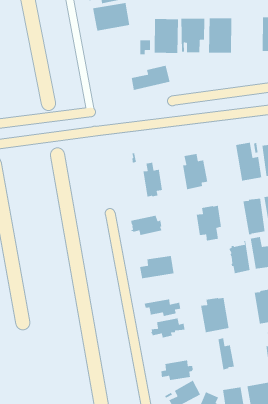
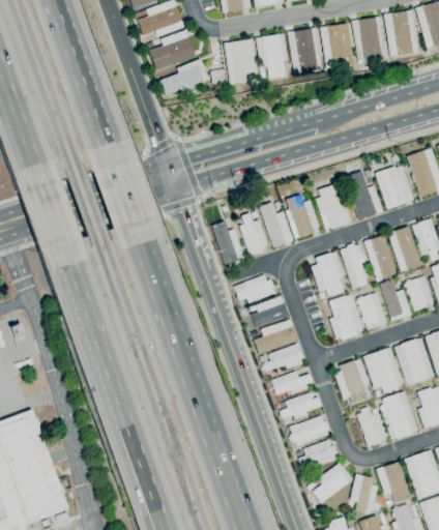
building: none -> [319,24,353,68]
building: [131,65,170,91] -> [160,59,208,96]
building: none -> [315,185,352,230]
building: none -> [259,202,292,247]
building: none -> [212,222,244,265]
building: none -> [340,243,367,288]
building: none -> [251,296,288,328]
building: none -> [328,295,362,341]
building: none -> [263,344,303,372]
building: none -> [362,348,401,395]
building: none -> [379,391,417,440]
building: none -> [290,416,329,447]

